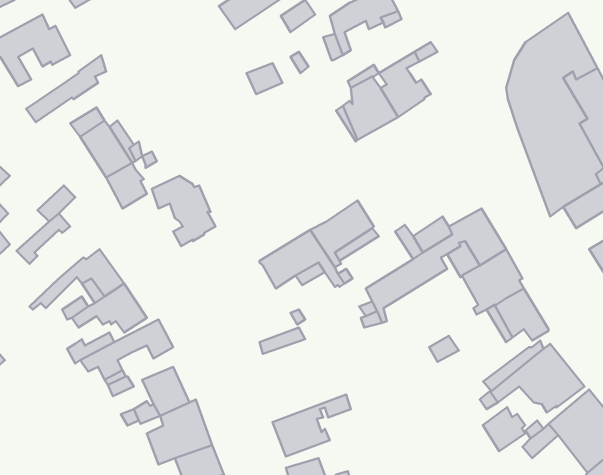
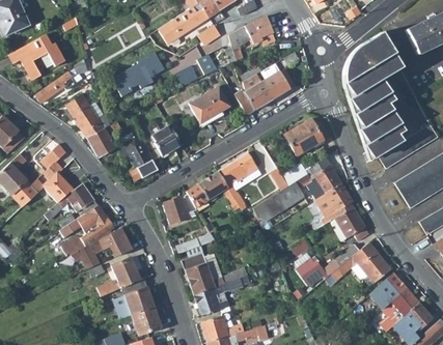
building: none -> [112,52,166,99]
building: none -> [189,87,230,126]
building: none -> [284,119,323,155]
building: none -> [154,126,182,155]
building: none -> [41,171,73,202]
building: none -> [163,194,196,223]
building: none -> [181,252,247,293]
building: [483,407,525,451] -> [296,258,323,286]

